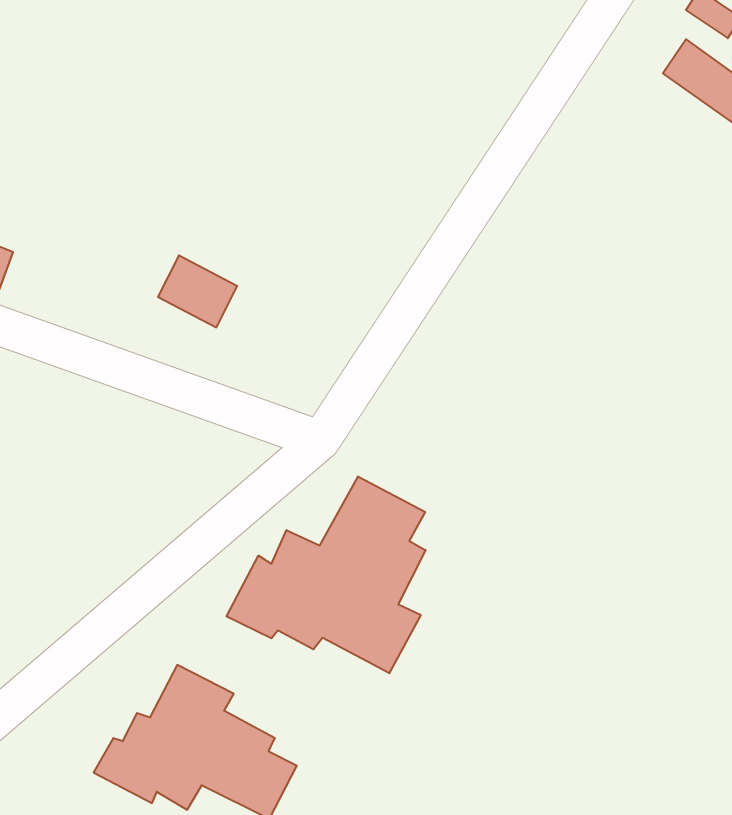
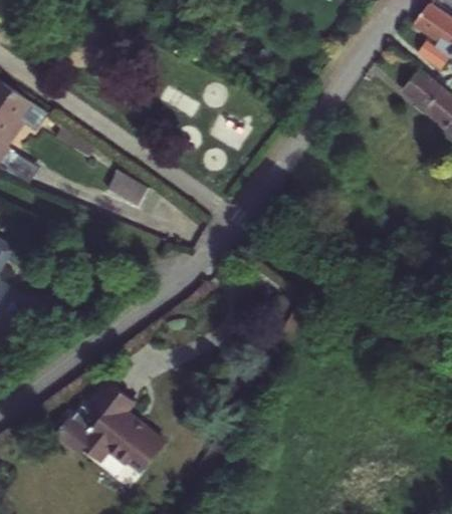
building: [227,476,426,673] -> none

